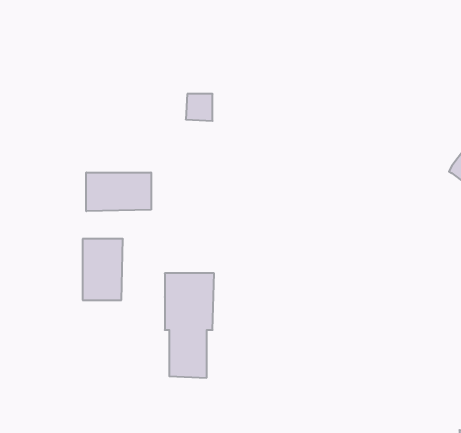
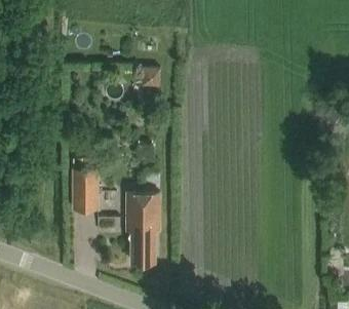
building: [86,172,151,211] -> none

